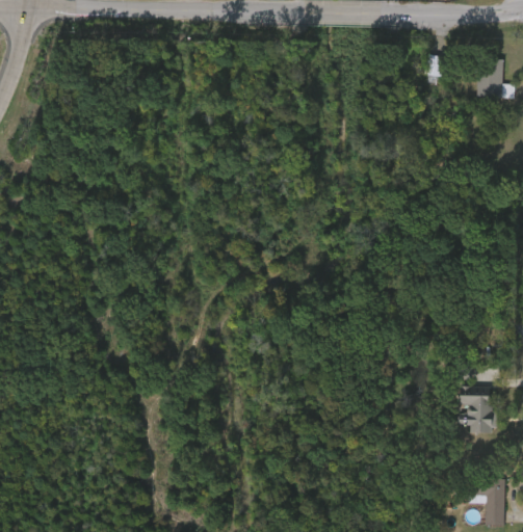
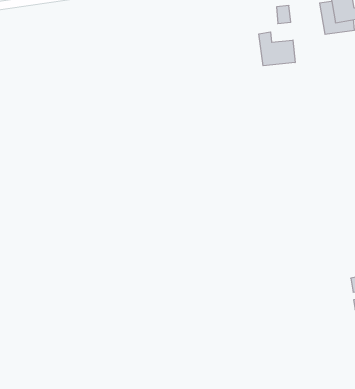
building: none -> [259,32,295,66]

